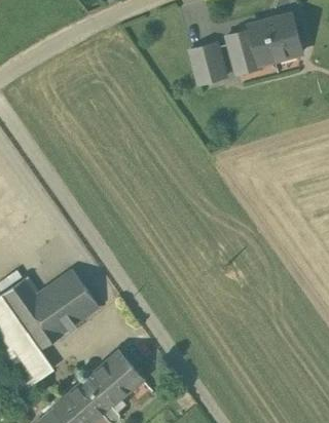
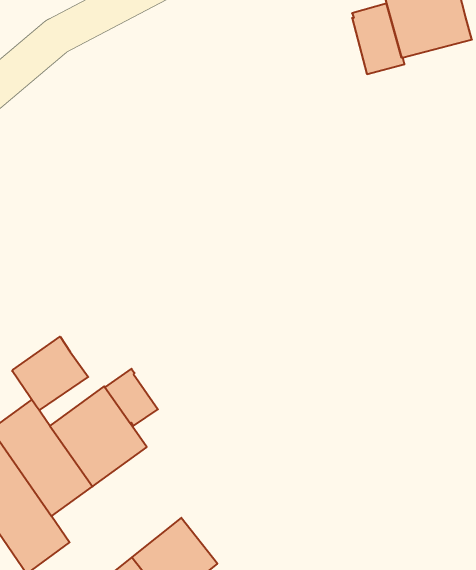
building: [191,42,226,84] -> none
building: none -> [12,337,88,410]
building: none -> [105,369,158,426]

